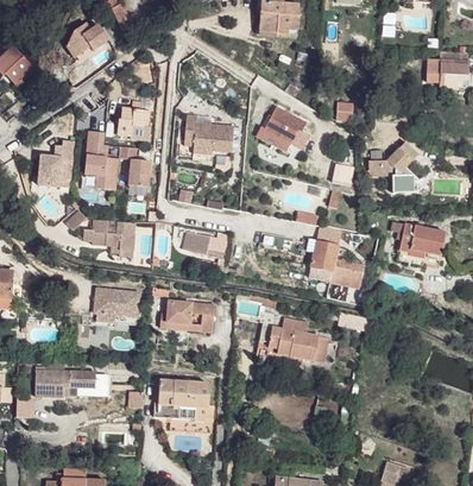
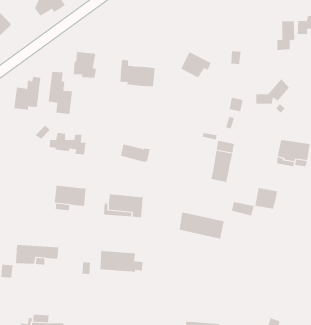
building: none -> [277,20,295,51]
building: [119,147,149,188] -> none
building: [330,260,362,290] -> [255,188,278,209]

